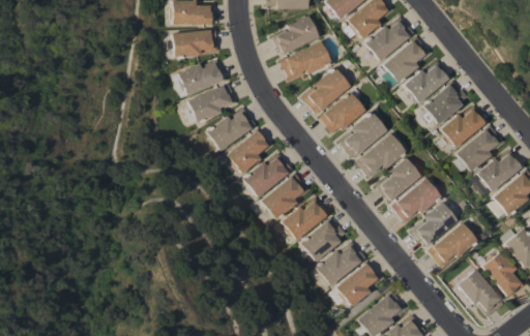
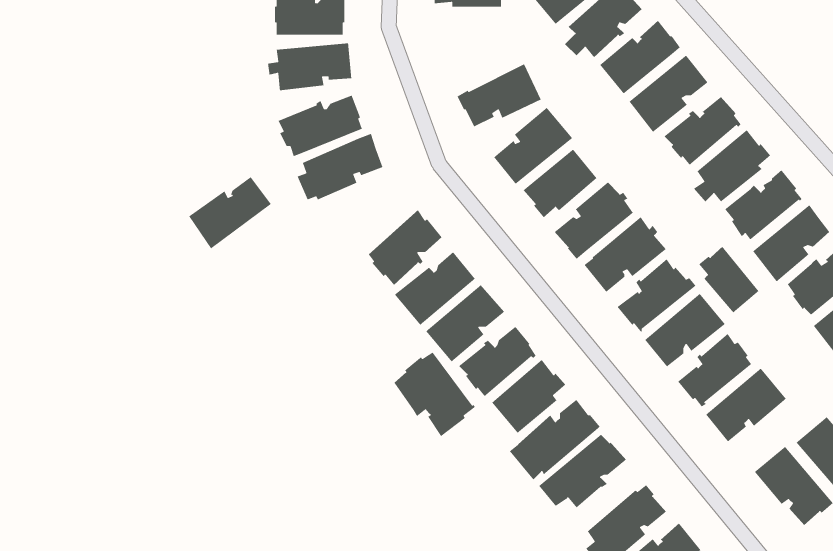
building: [272,16,319,54] -> none
building: [207,108,257,151] -> [188,176,272,249]
building: none -> [698,246,760,314]
building: none -> [394,352,476,437]

